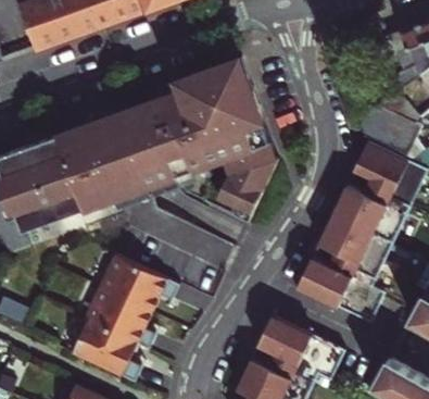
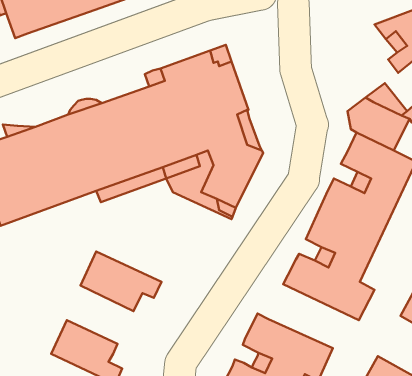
building: [85,288,154,350] -> none

